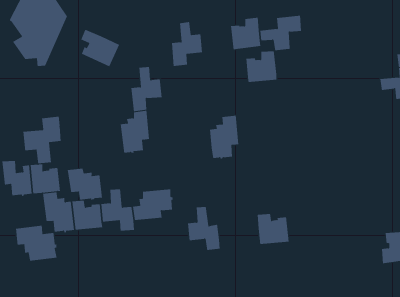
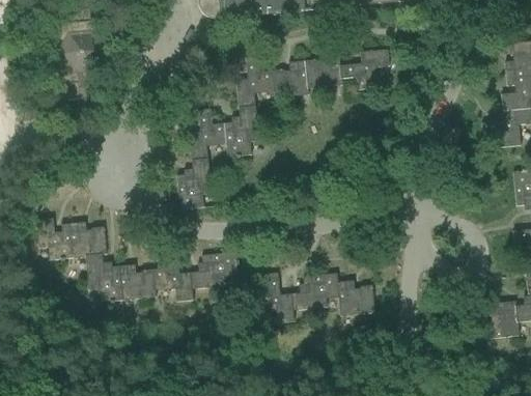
building: [81,29,120,67] -> none
building: [245,51,277,83] -> [273,58,310,95]
building: [209,115,239,159] -> [225,104,260,155]
building: [23,116,61,164] -> none
building: [67,168,103,201] -> none
building: none -> [292,271,339,309]
building: [16,225,57,261] -> none

